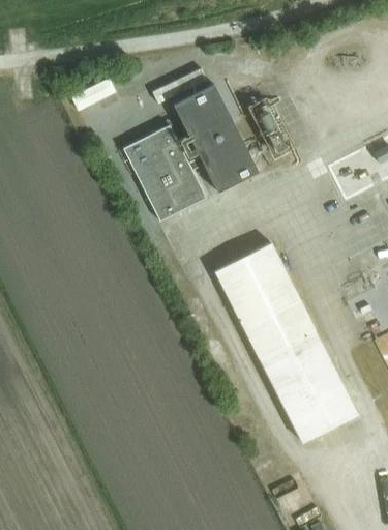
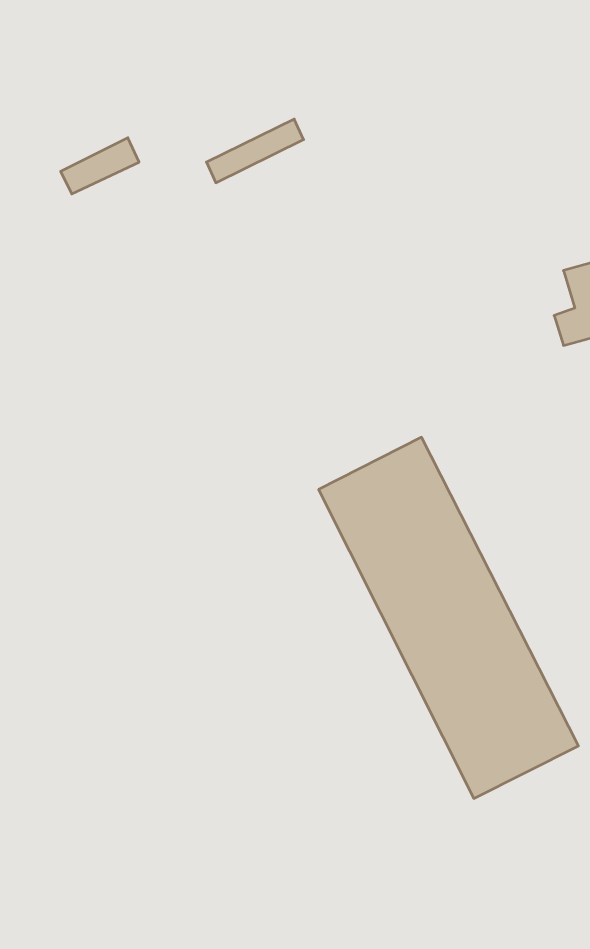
building: [173,84,258,192] -> none
building: [122,124,205,220] -> none

